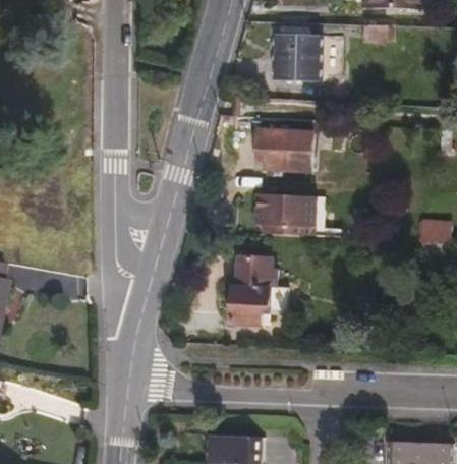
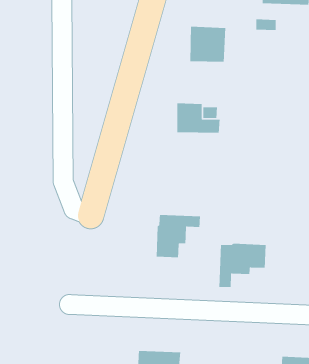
building: [258,194,317,235] -> none
building: none -> [218,243,266,288]

